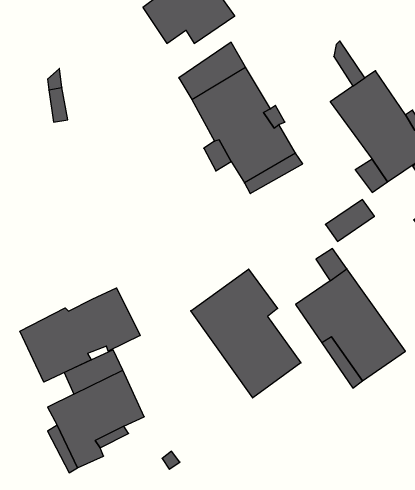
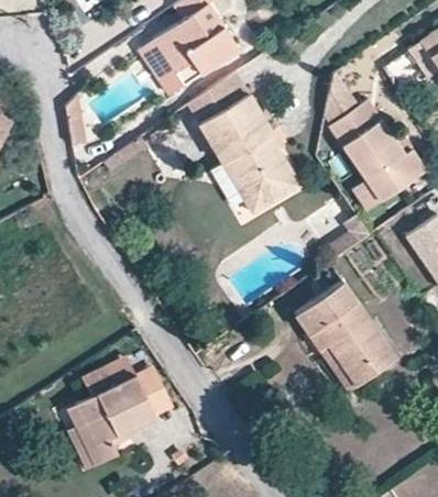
building: none -> [139,41,202,96]
building: [191,269,301,398] -> none
building: [20,288,140,382] -> none

